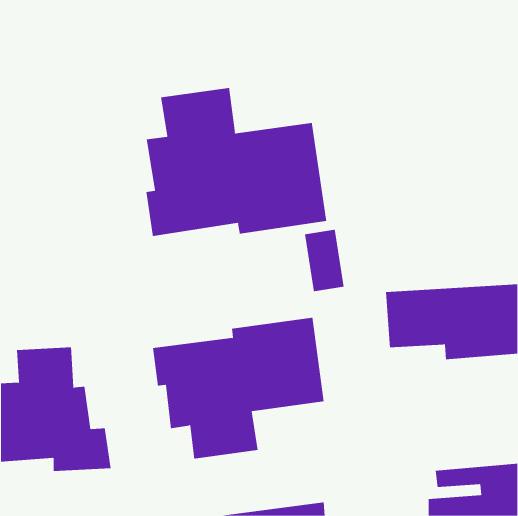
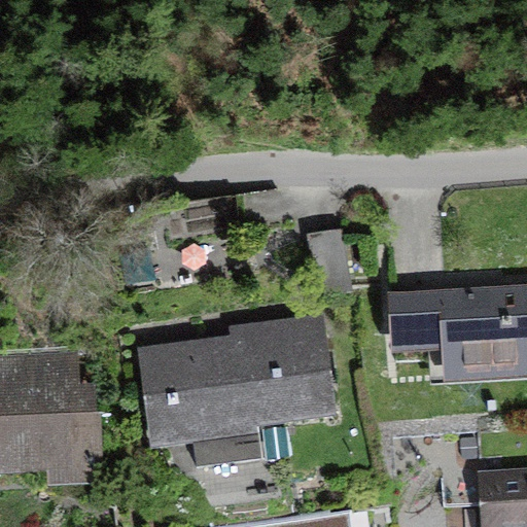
building: [146,87,327,237] -> none

